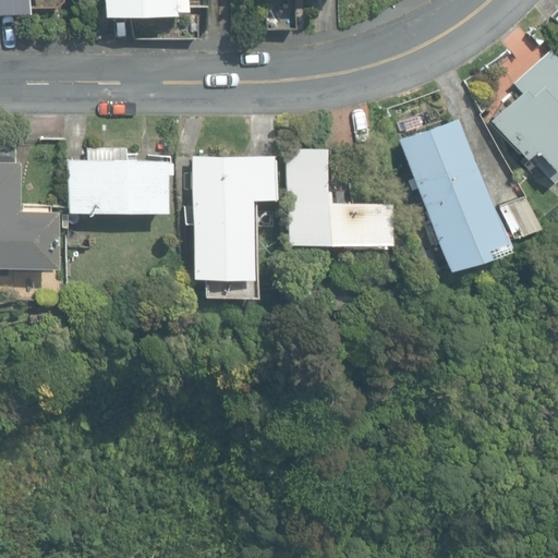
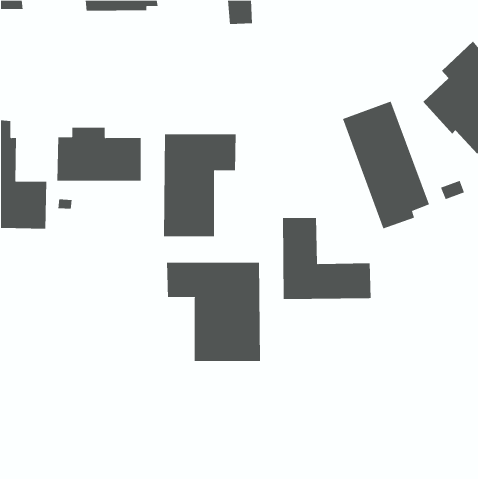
building: [287,149,390,244] -> [282,218,372,300]
building: none -> [166,262,261,362]

